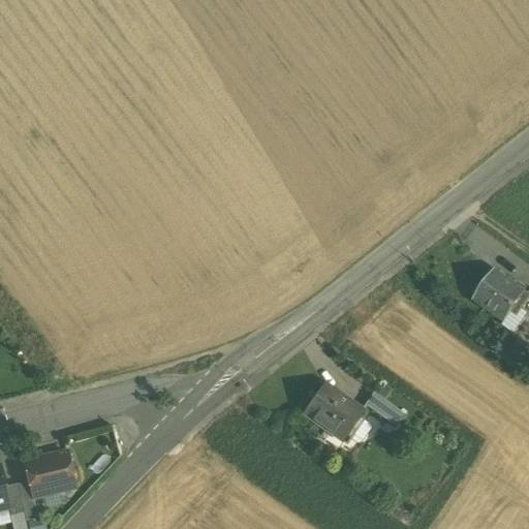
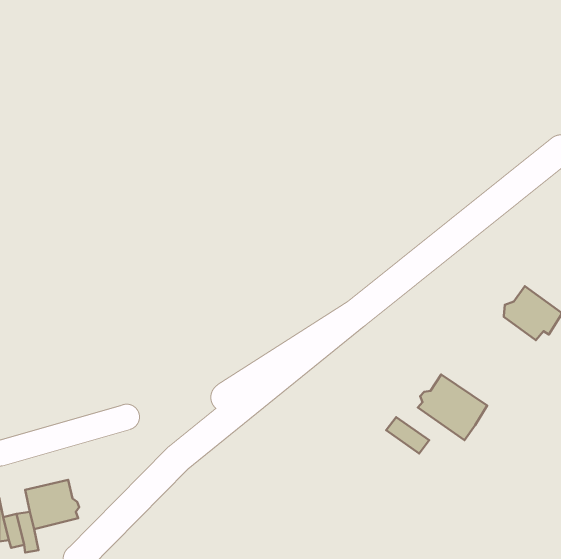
building: none -> [418,375,487,440]
building: [303,383,362,439] -> none

